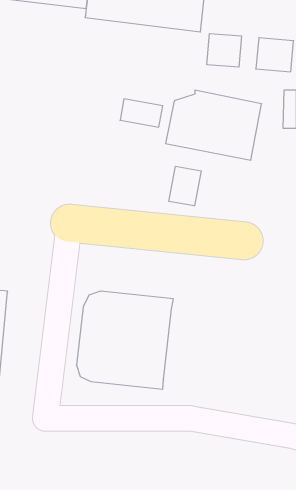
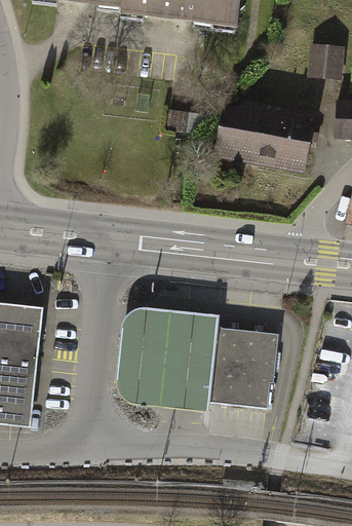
building: [207,34,242,67] -> none
building: [169,166,201,206] -> none
building: none -> [208,327,277,408]

